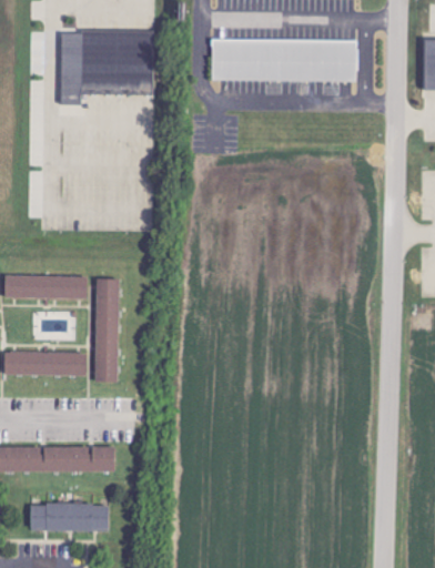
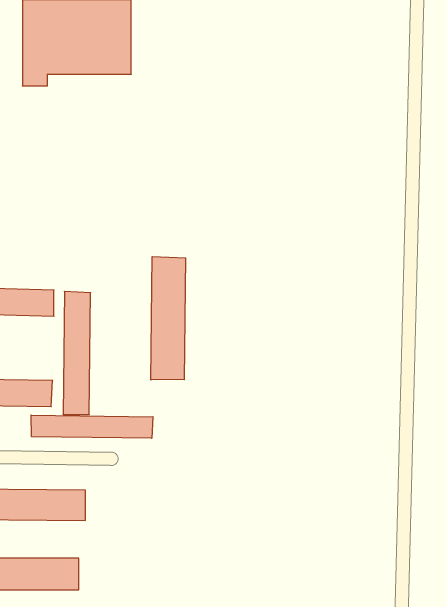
building: [210,38,357,80] -> none
building: none -> [151,257,186,380]
building: none -> [31,415,153,438]

